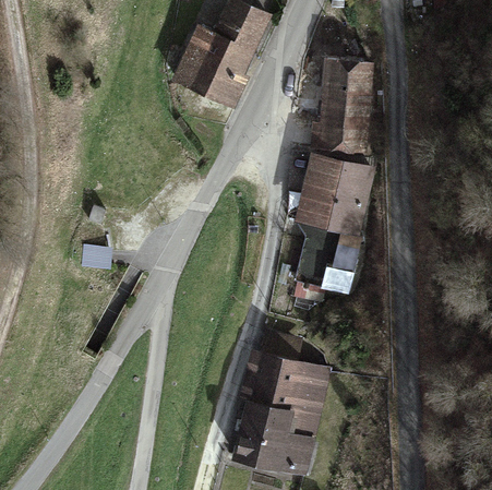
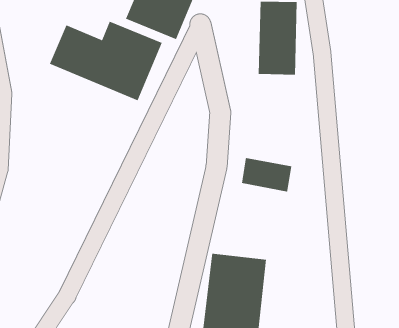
building: none -> [49,21,163,101]
building: [295,155,364,231] -> none

